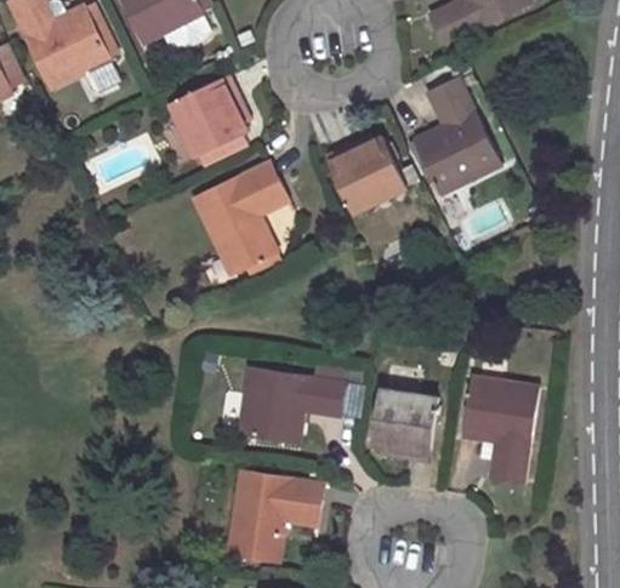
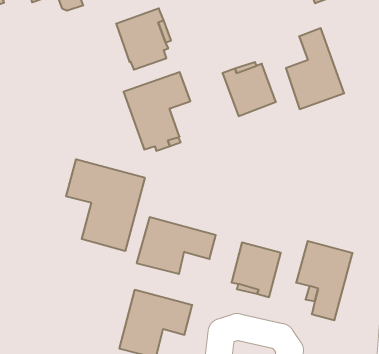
building: none -> [66,159,145,251]

